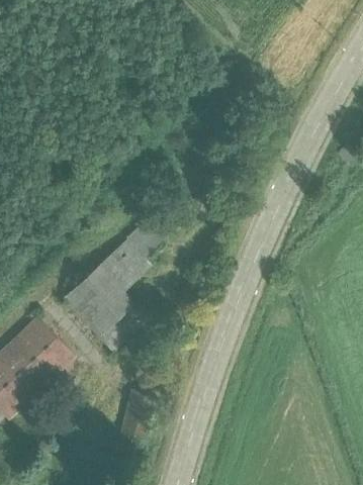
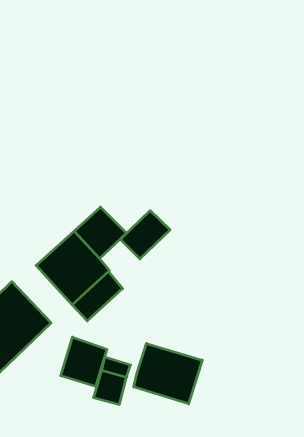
building: [123,210,173,259] -> [121,211,170,259]
building: none -> [61,337,107,386]
building: none -> [134,343,202,404]

